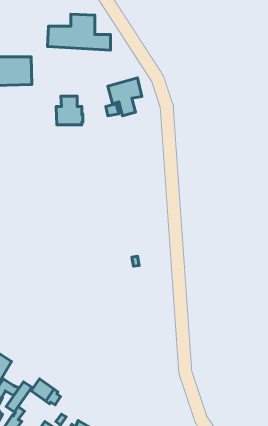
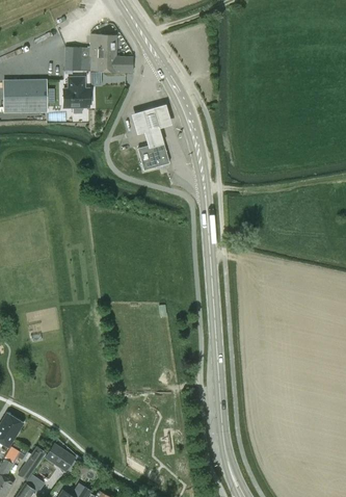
building: [56,96,83,125] -> [61,75,91,107]
building: none -> [137,142,168,171]

